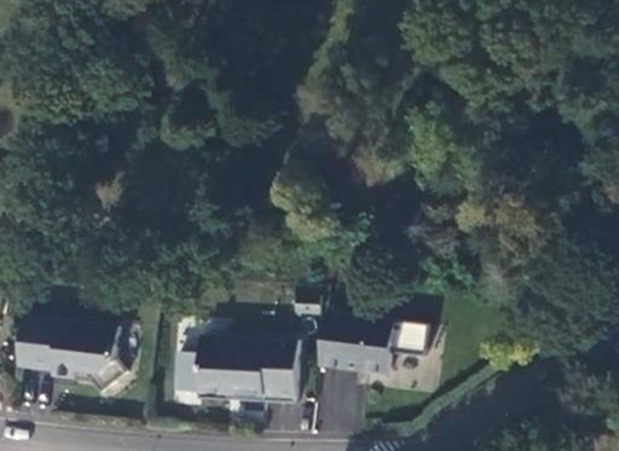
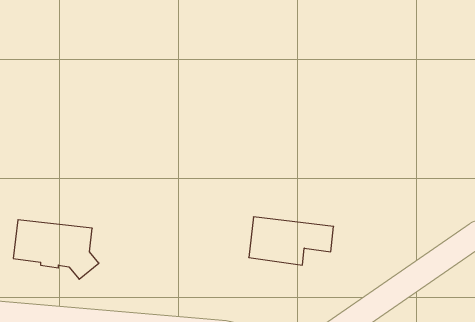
building: [175,336,299,403] -> none

